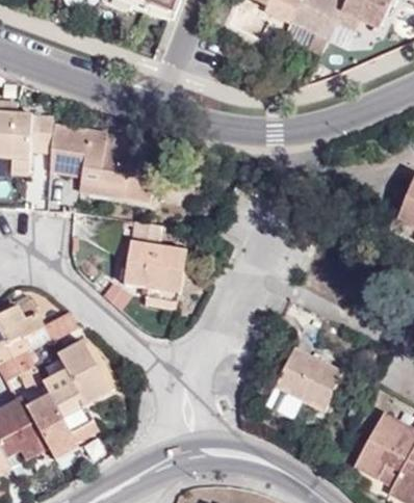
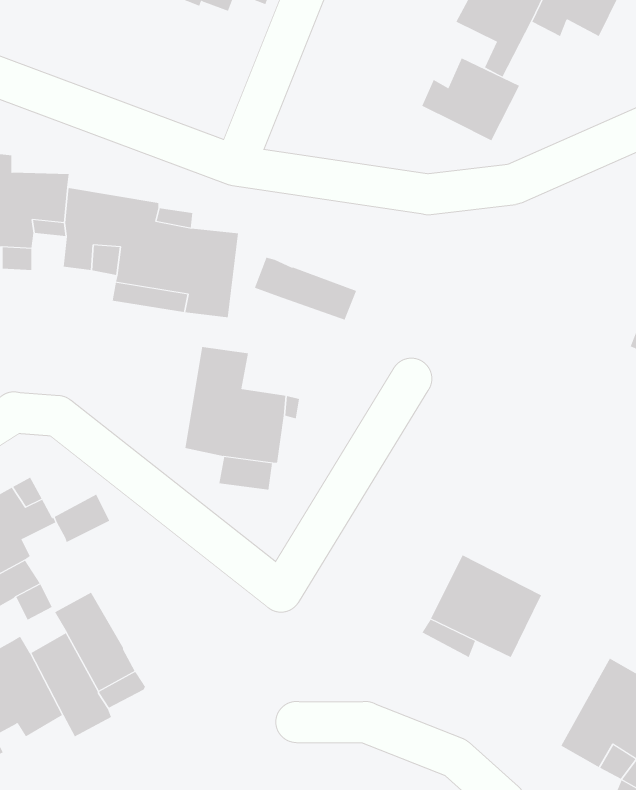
building: none -> [422,58,520,141]
building: none -> [254,257,357,320]
building: [57,340,109,404] -> none

